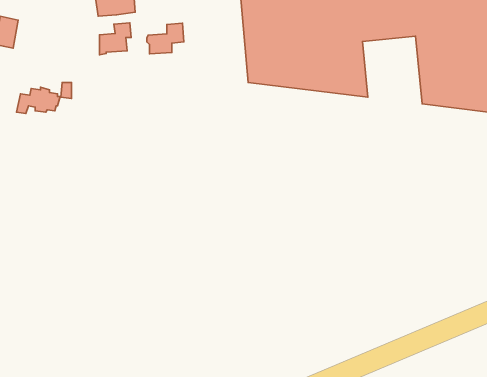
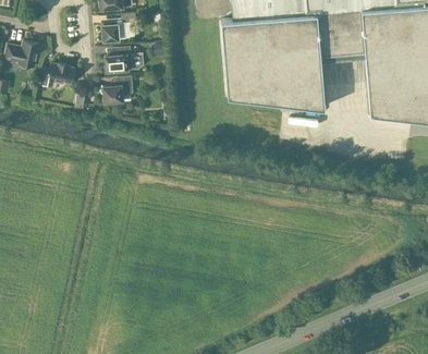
building: [147,23,184,54] -> [102,76,133,101]
building: [16,87,60,114] -> [40,62,76,84]

